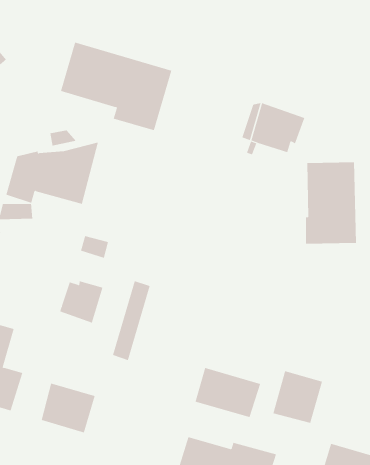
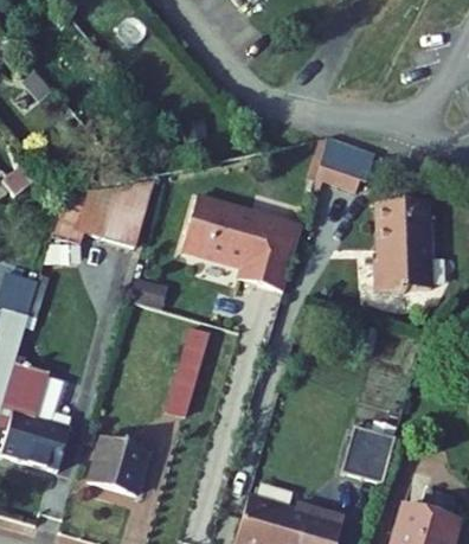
building: [60,42,172,131] -> [181,194,302,290]
building: [60,281,103,324] -> none
building: [195,367,261,418] -> none

